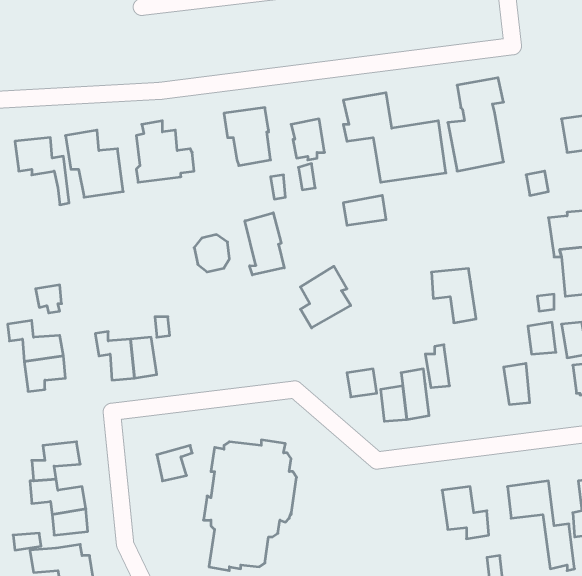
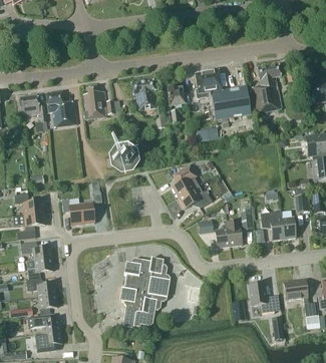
building: [245,213,284,275] -> none
building: [431,269,476,323] -> [260,211,284,240]
building: none -> [178,185,211,208]
building: none -> [20,241,51,260]

